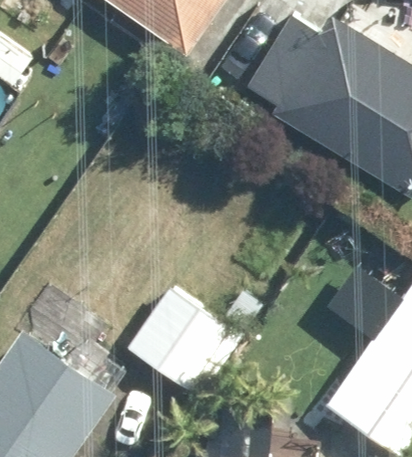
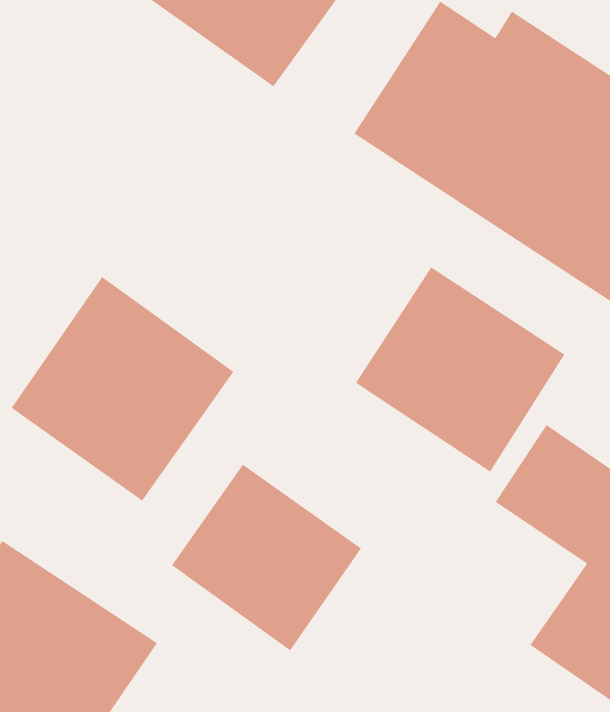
building: none -> [355,267,565,472]
building: none -> [11,276,234,501]

